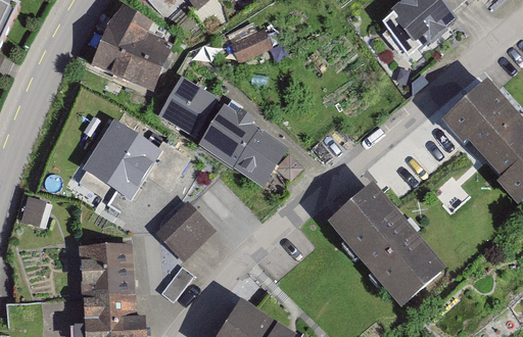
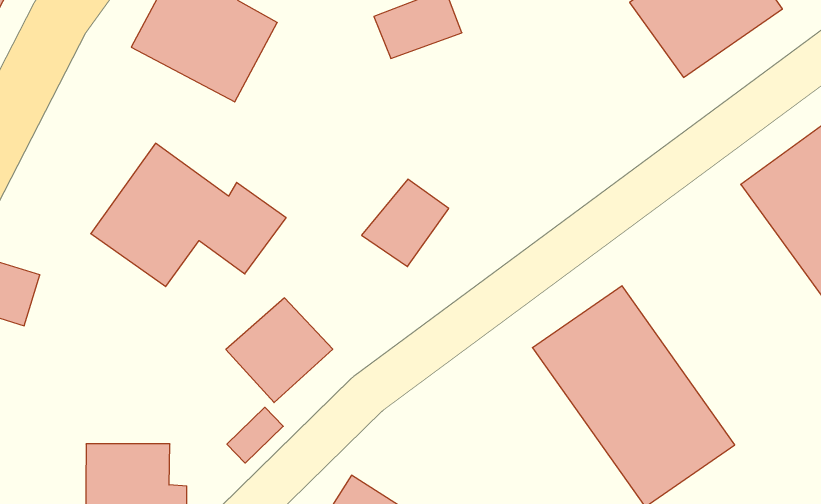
building: [157,78,209,133] -> none
building: [197,105,255,162] -> none
building: [79,241,129,292] -> none

